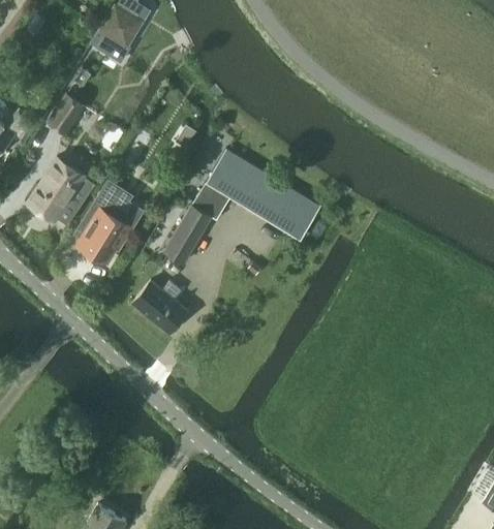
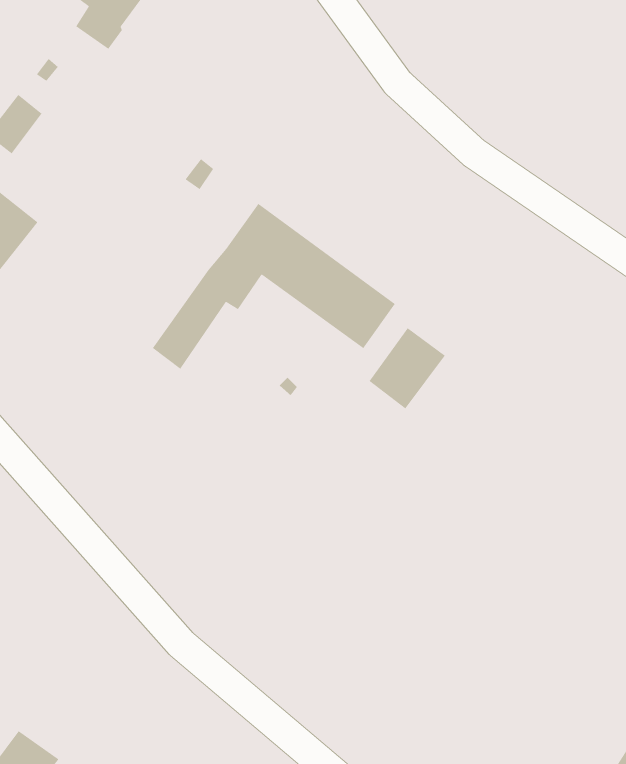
building: [78,191,143,261] -> none
building: none -> [369,327,446,410]
building: [132,281,188,334] -> none

